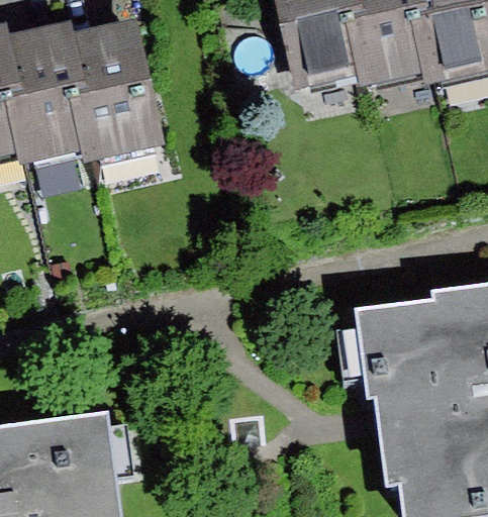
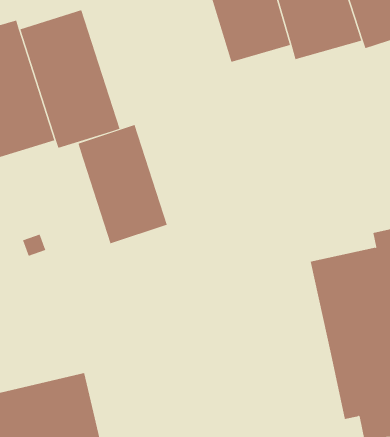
building: none -> [78,124,167,244]

